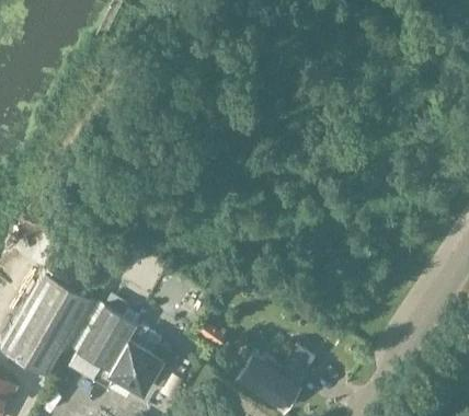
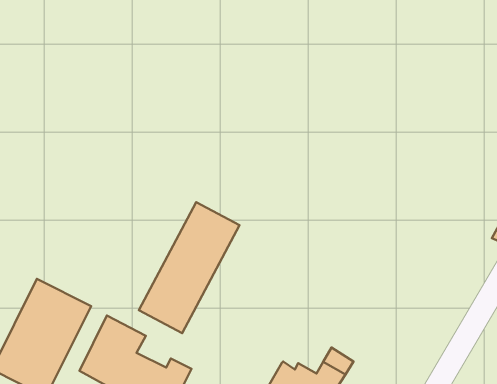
building: none -> [139,202,240,333]

